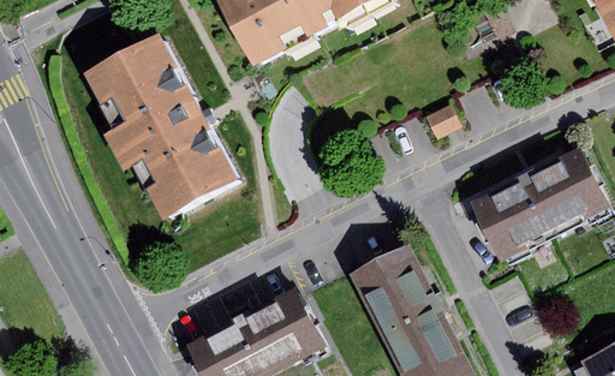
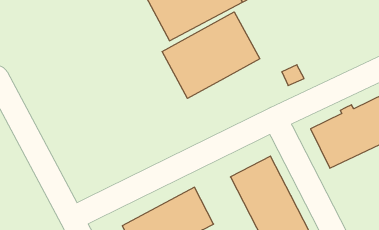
building: none -> [162,12,260,98]
building: [92,40,240,220] -> none

